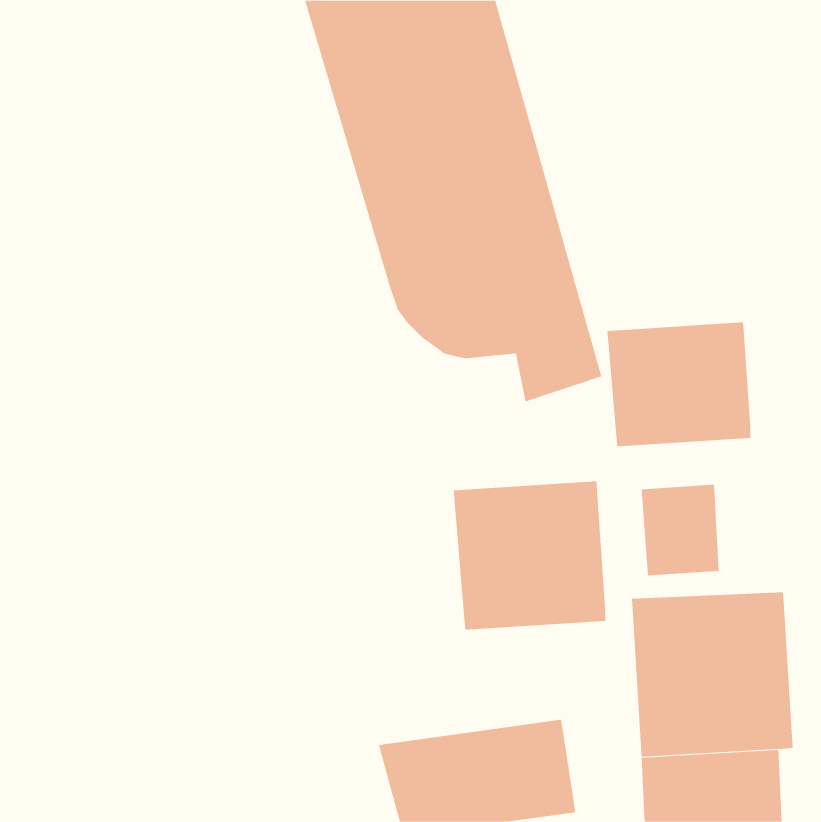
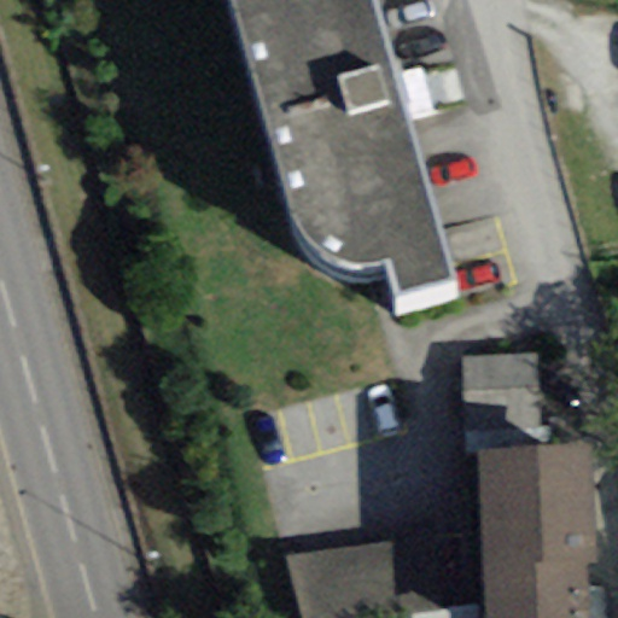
building: [607,321,751,447] -> none
building: [453,480,606,630] -> none

